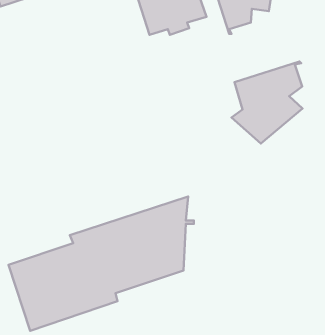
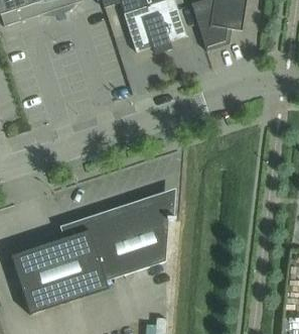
building: [232,61,302,144] -> none

